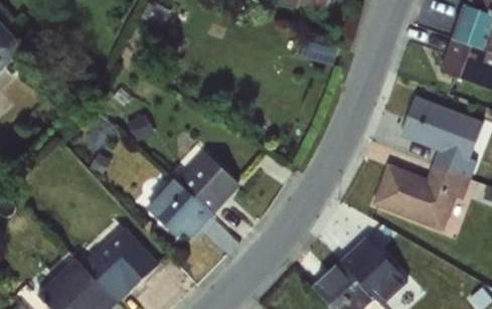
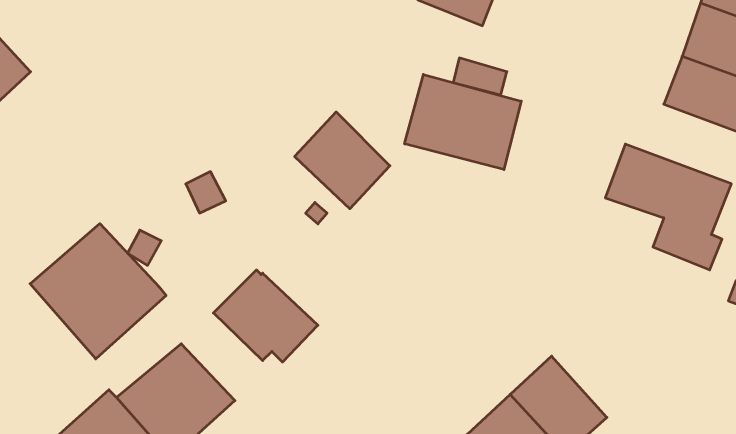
building: none -> [405,74,521,170]
building: none -> [30,224,166,359]
building: [177,151,239,214] -> [295,112,390,209]
building: [371,163,470,231] -> none

